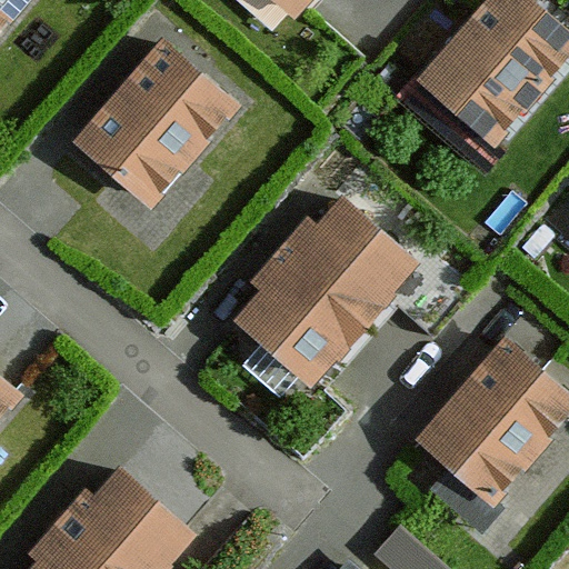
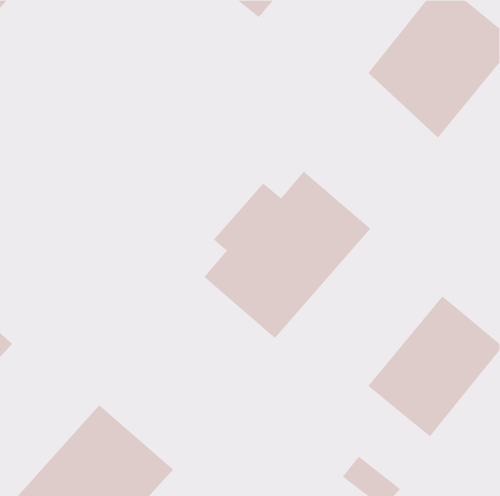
building: [78,40,231,197] -> none

